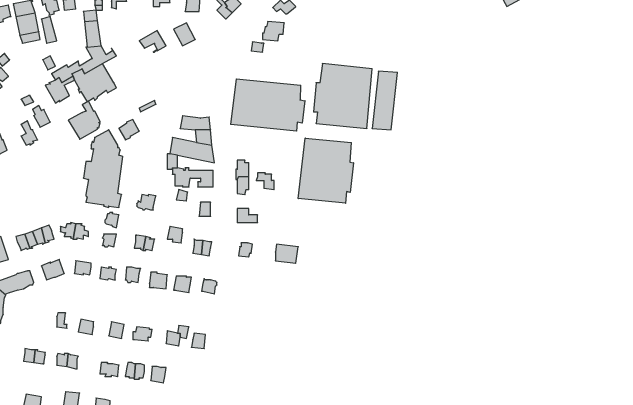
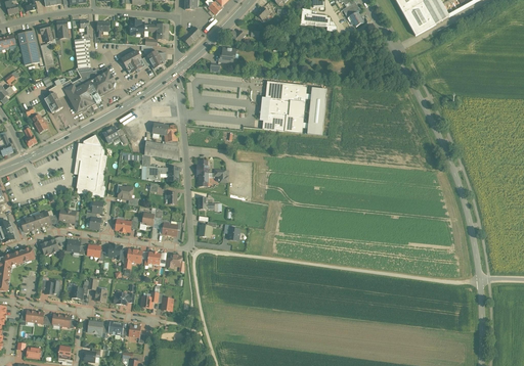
building: [231,79,305,131] -> none
building: [68,101,100,139] -> [89,65,115,96]
building: [298,138,353,203] -> none

